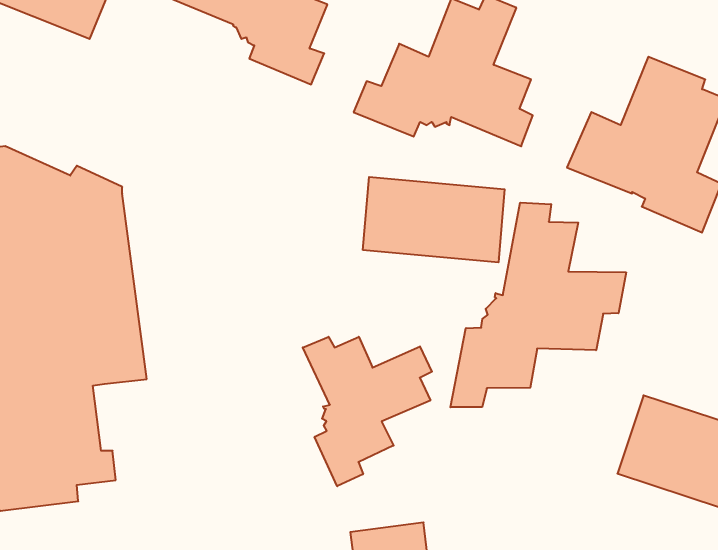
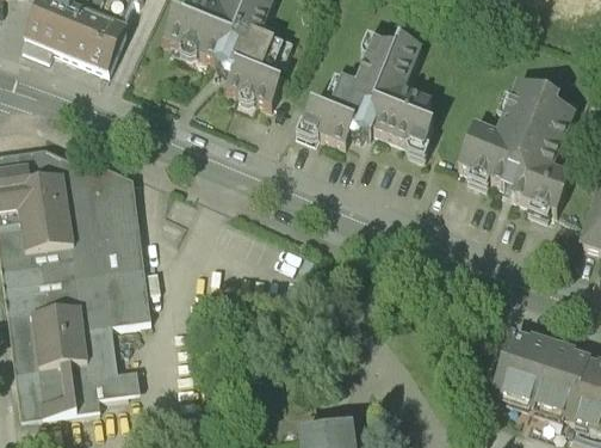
building: [363,177,505,262] -> none
building: [450,203,626,407] -> none
building: [303,337,432,486] -> none

